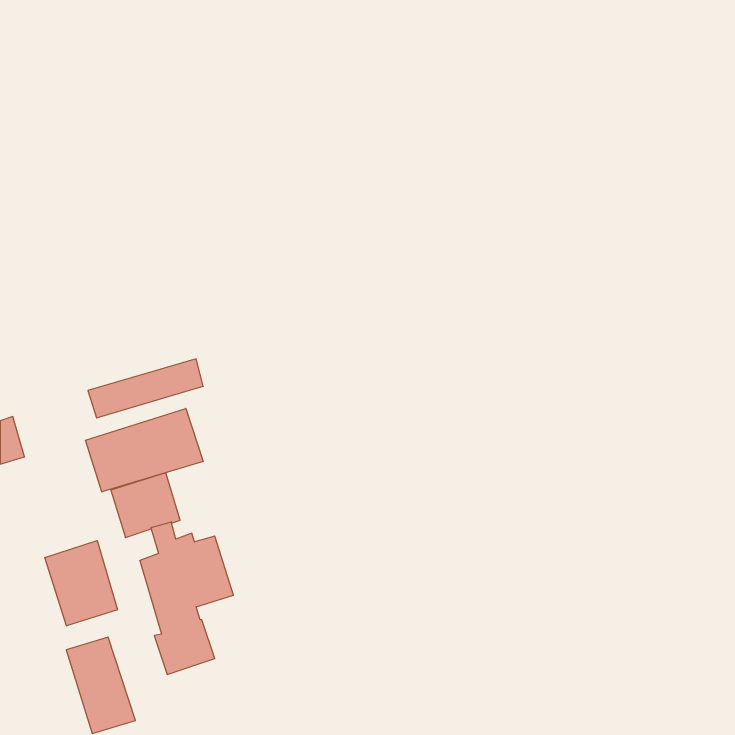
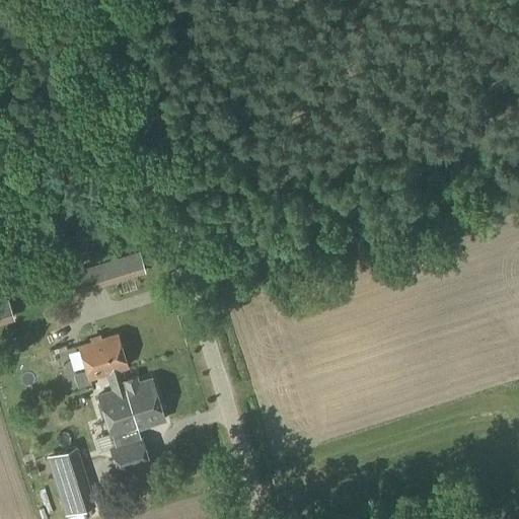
building: [85,408,203,492] -> none
building: [45,541,117,626] -> none

